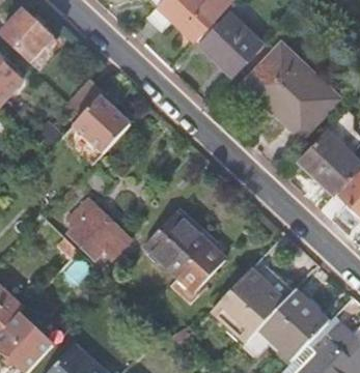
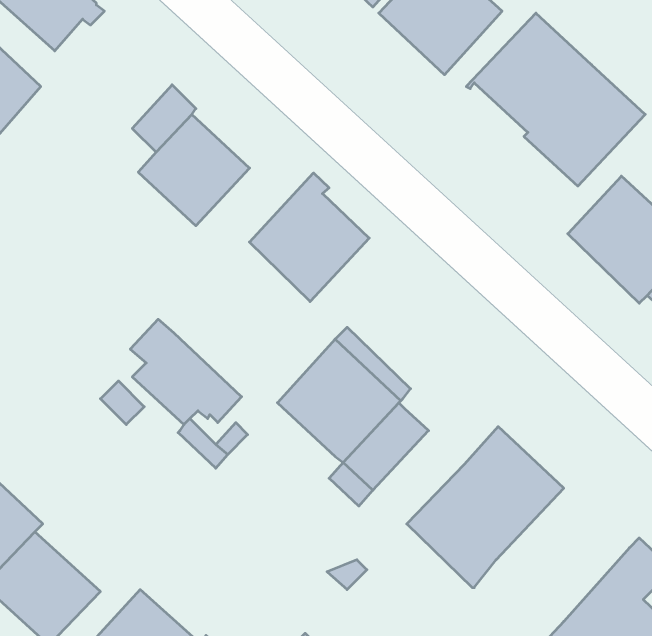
building: none -> [249,173,369,302]
building: [244,291,329,361] -> none

